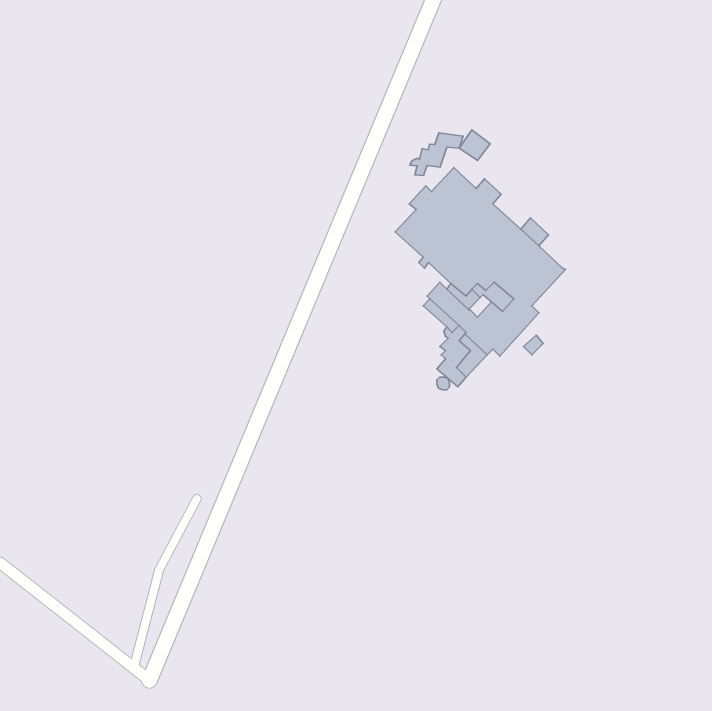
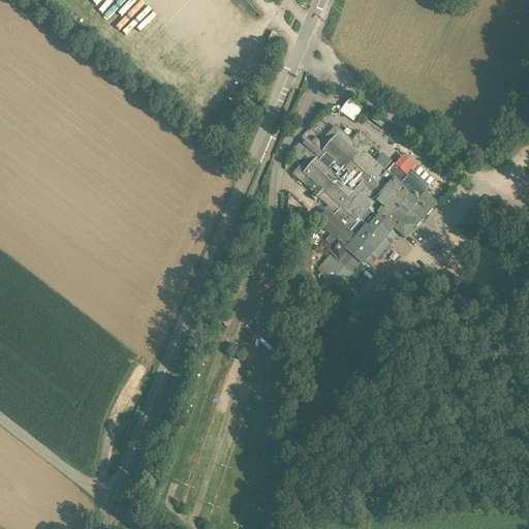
building: [410,133,463,175] -> none
building: none -> [395,189,438,237]

